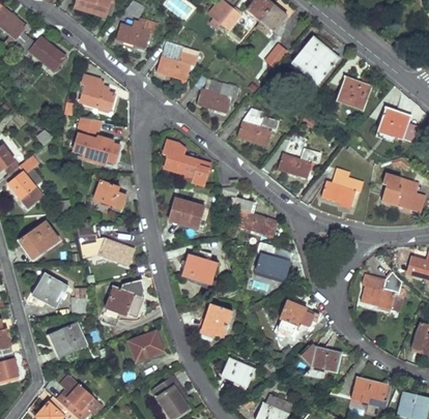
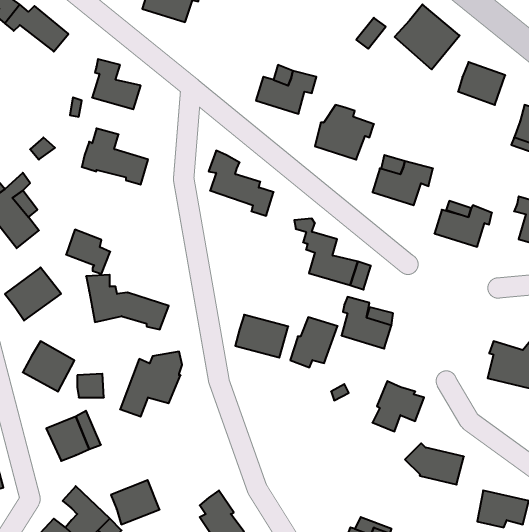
building: [154,42,198,82] -> none
building: [94,180,125,211] -> [66,230,110,274]
building: [170,200,203,229] -> none
building: [200,304,233,339] -> [290,317,338,367]
building: [130,330,164,361] -> [111,480,160,524]
building: [221,358,255,387] -> none

